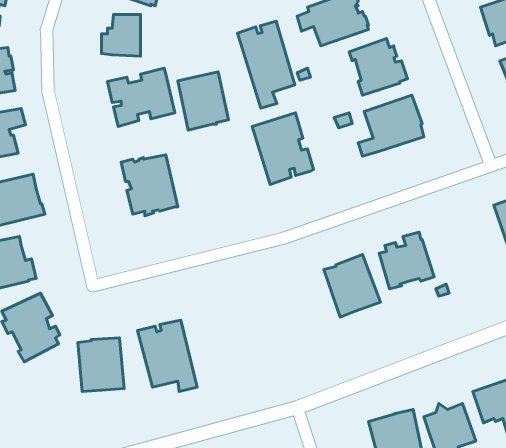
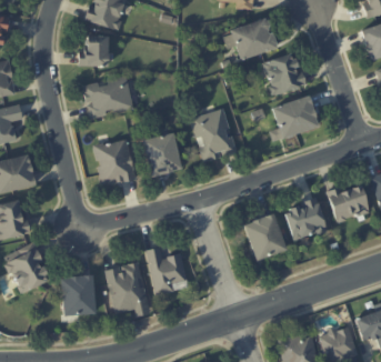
building: [238,21,295,108] -> none
building: [178,72,228,130] -> [143,133,181,177]
building: none -> [325,187,370,222]
building: none -> [146,248,188,295]

